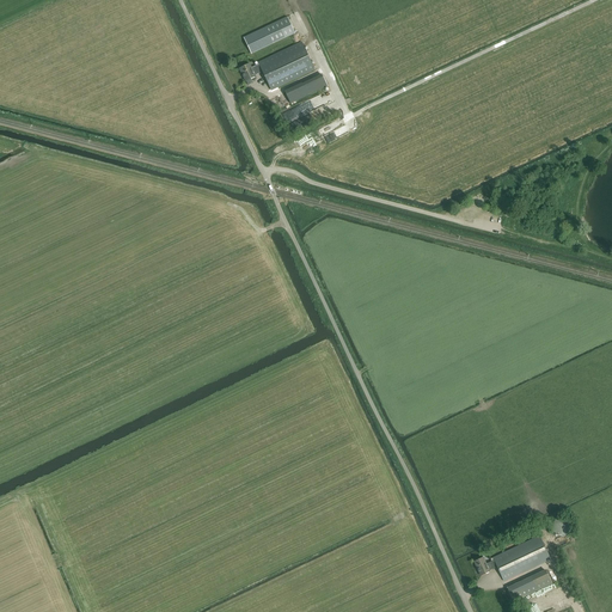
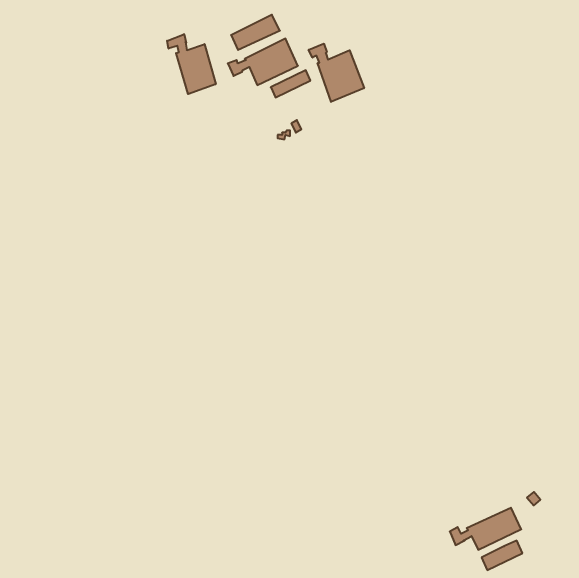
building: none -> [167,34,216,94]
building: none -> [309,44,364,102]

